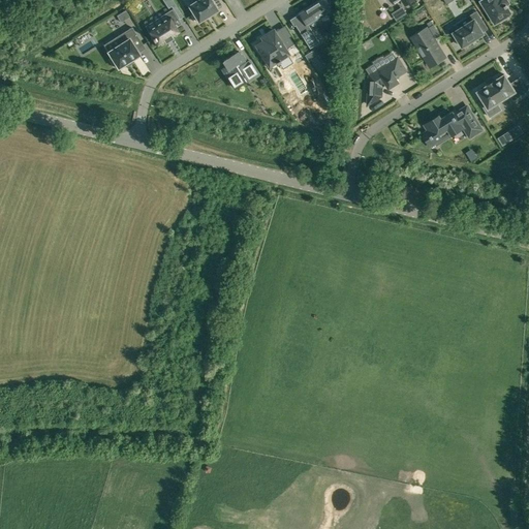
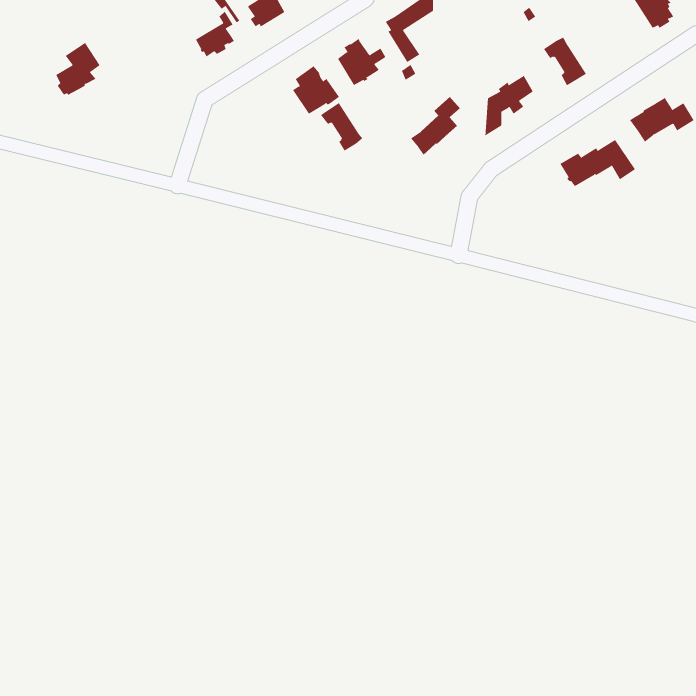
building: [453,10,483,45] -> none
building: [107,26,142,66] -> [55,42,100,95]
building: none -> [411,96,461,155]
building: none -> [320,102,363,152]

